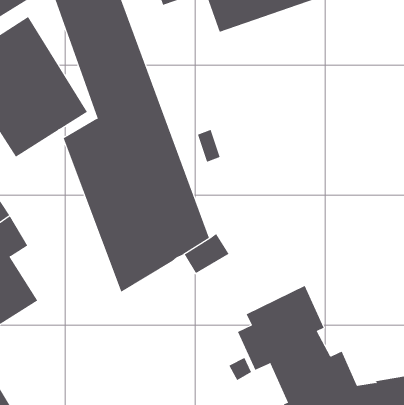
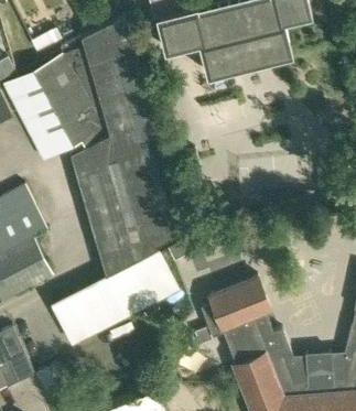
building: none -> [52,251,177,344]

